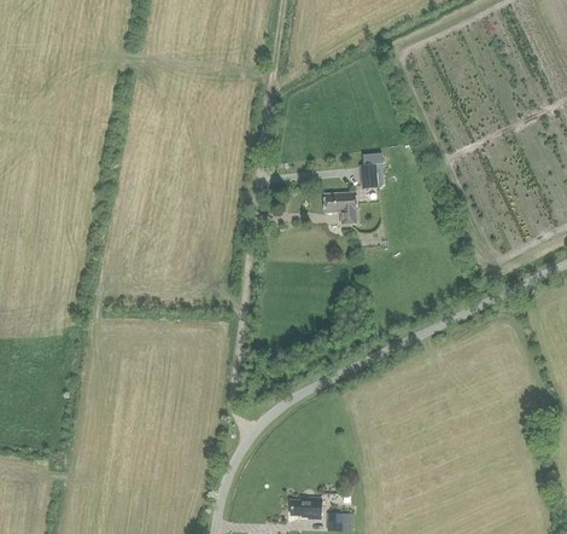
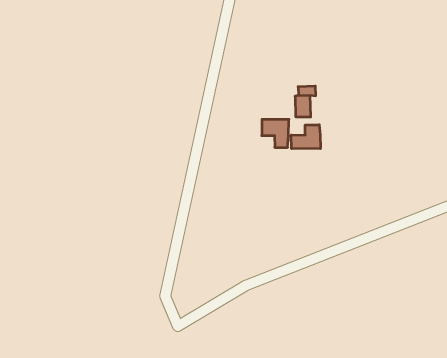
building: none -> [291,125,320,149]

